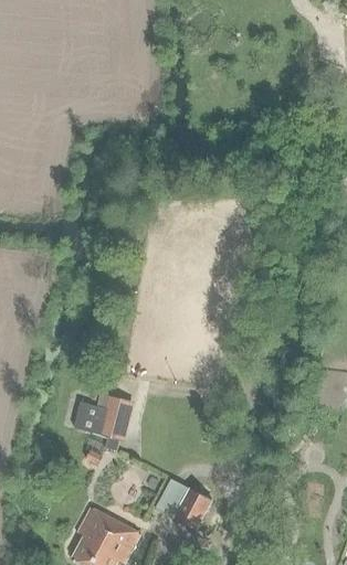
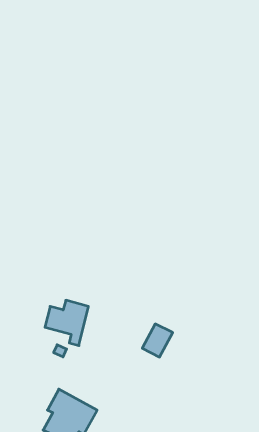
building: [174,488,212,530] -> [142,324,173,357]

